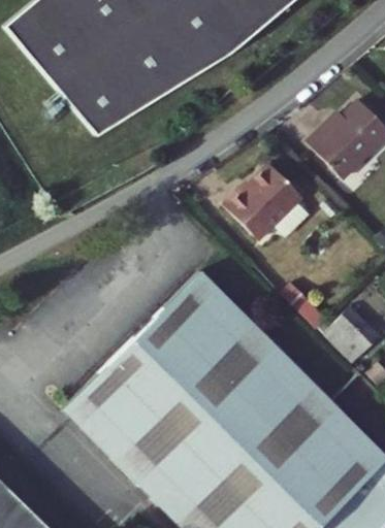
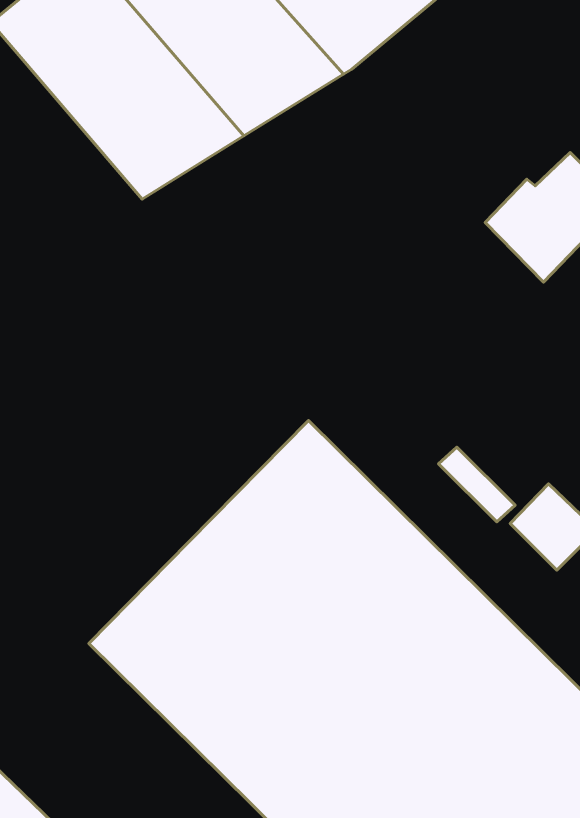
building: [227,171,309,248] -> none

